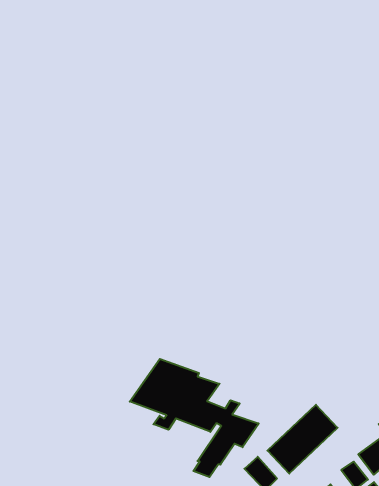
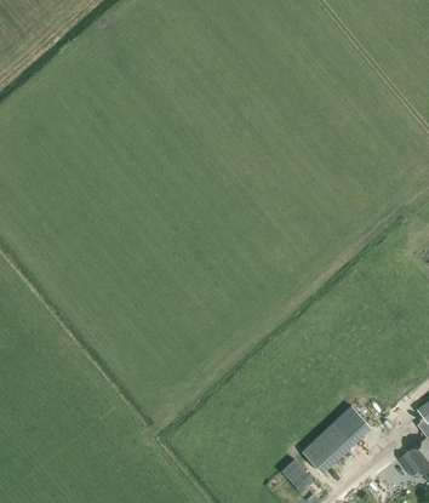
building: [130,359,259,477] -> none

